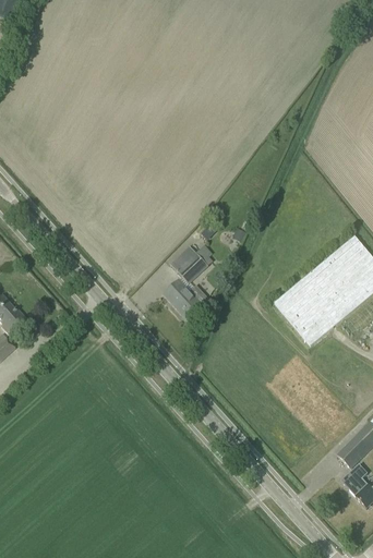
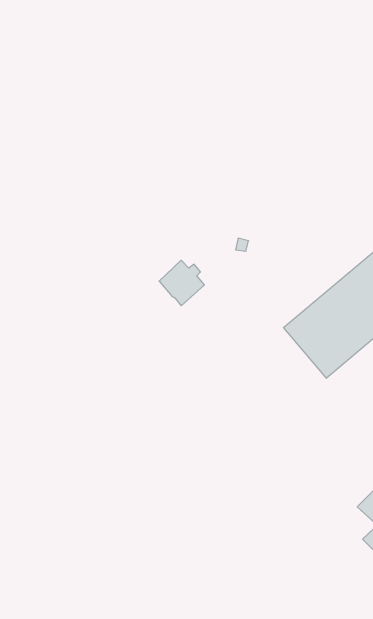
building: [163,279,207,317] -> none

